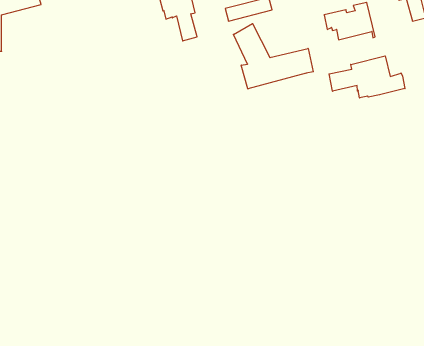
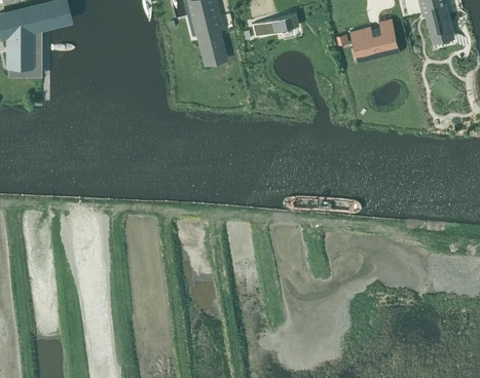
building: [233,24,313,89] -> none
building: [329,56,405,98] -> none

